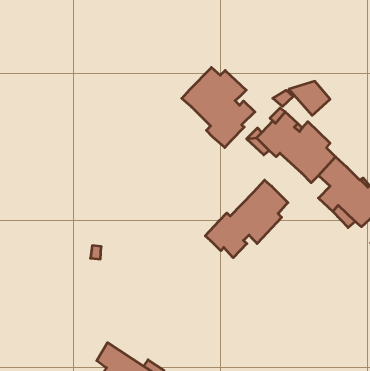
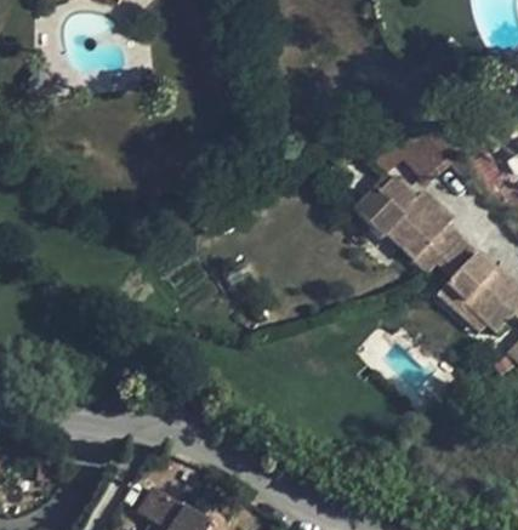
building: [182,67,255,148] -> none
building: [205,180,288,258] -> none

